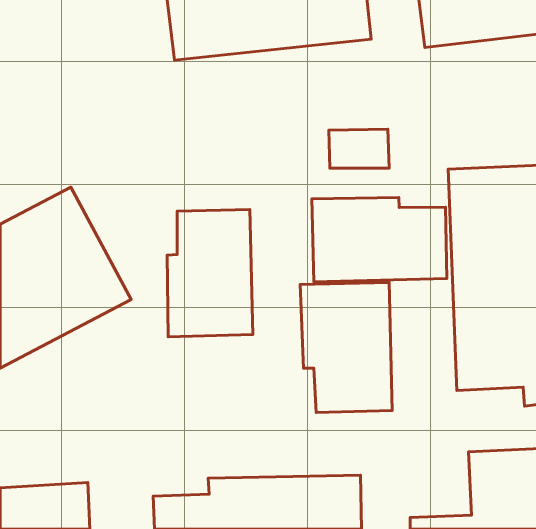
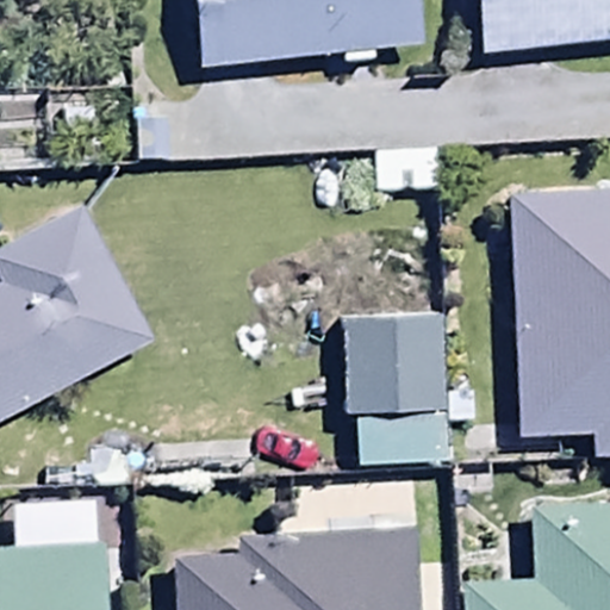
building: [312,198,447,282] -> none
building: [167,210,253,337] -> none

